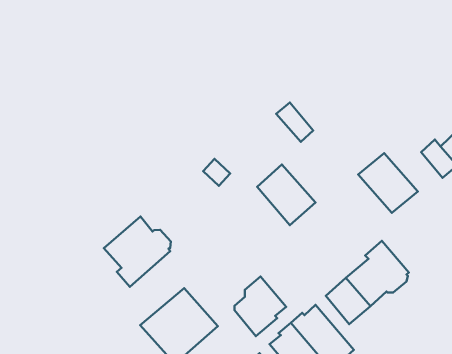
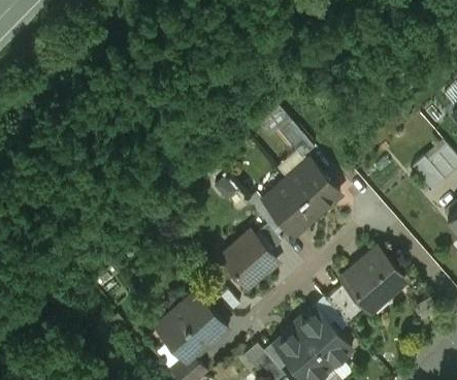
building: [358,153,418,213] -> [285,159,339,214]
building: [104,216,171,287] -> none
building: [235,276,286,336] -> [226,231,273,286]

